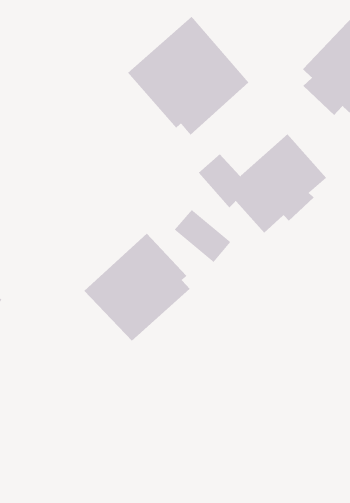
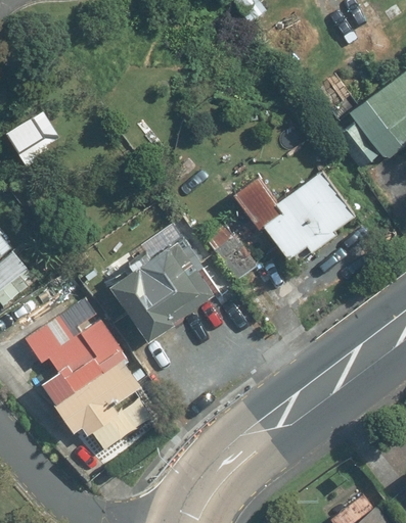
building: [127,16,249,135] -> none
building: none -> [29,318,144,437]

